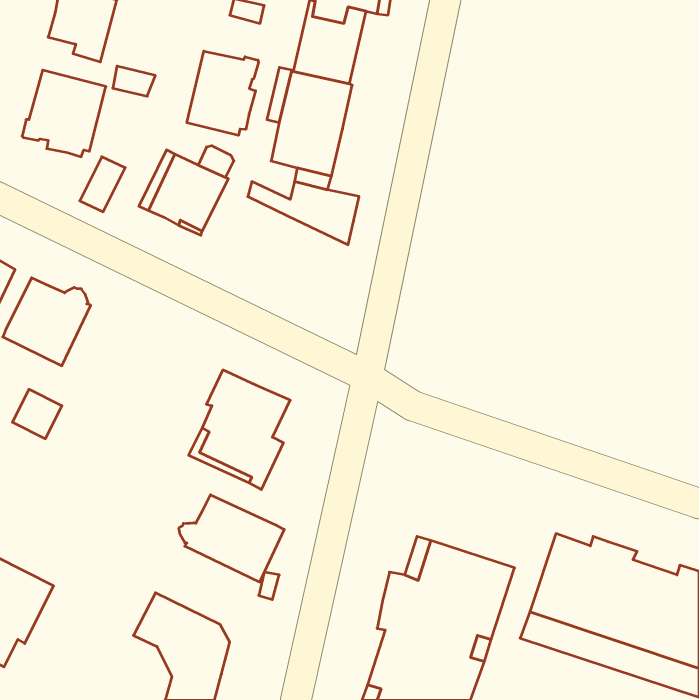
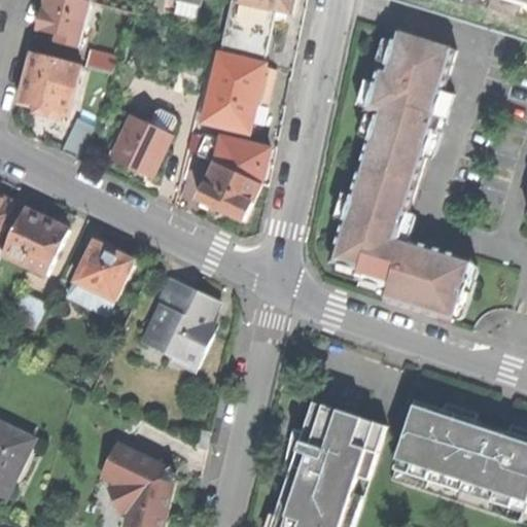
building: none -> [329,31,470,321]
building: [187,51,258,135] -> none
building: none -> [198,162,260,220]
building: none -> [69,241,133,314]
building: [179,495,284,582] -> none

